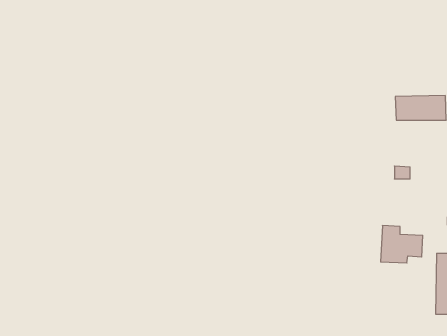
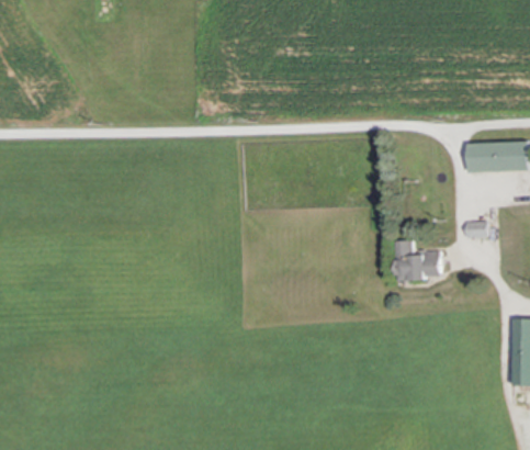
building: [381,226,423,263] -> [392,240,439,282]

